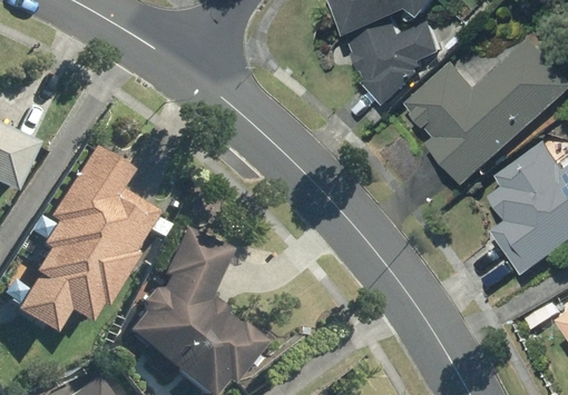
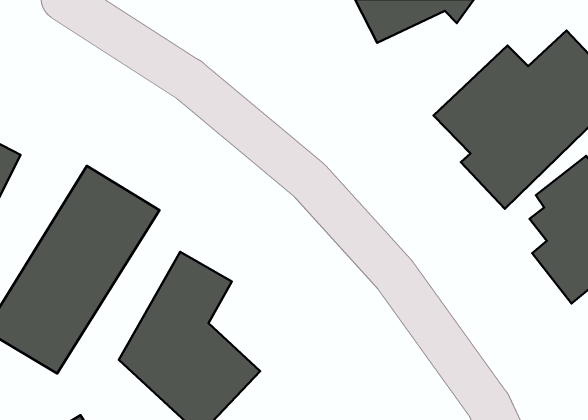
building: [361,24,458,110] -> none

